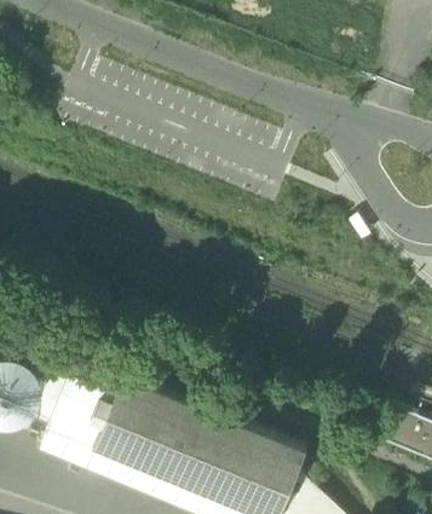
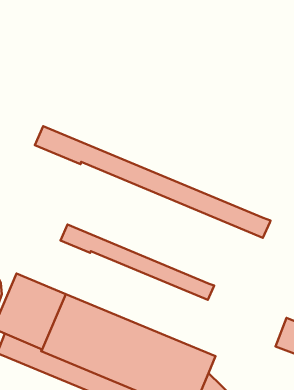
building: none -> [35,126,271,238]
building: none -> [61,224,214,300]

